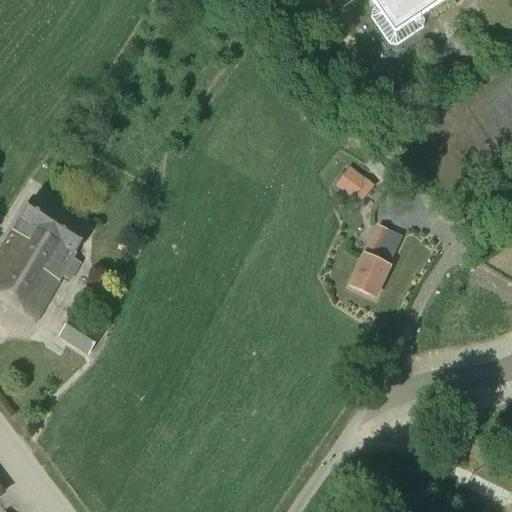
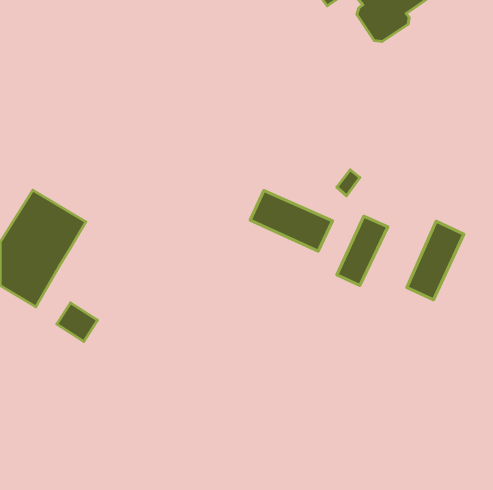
building: none -> [250,190,333,251]
building: none -> [407,221,464,300]

